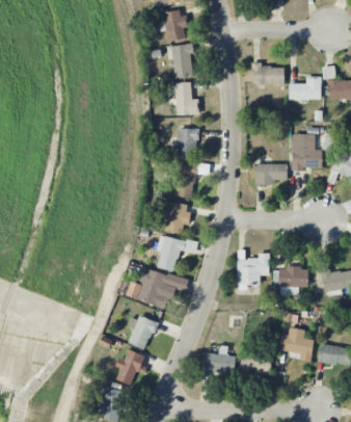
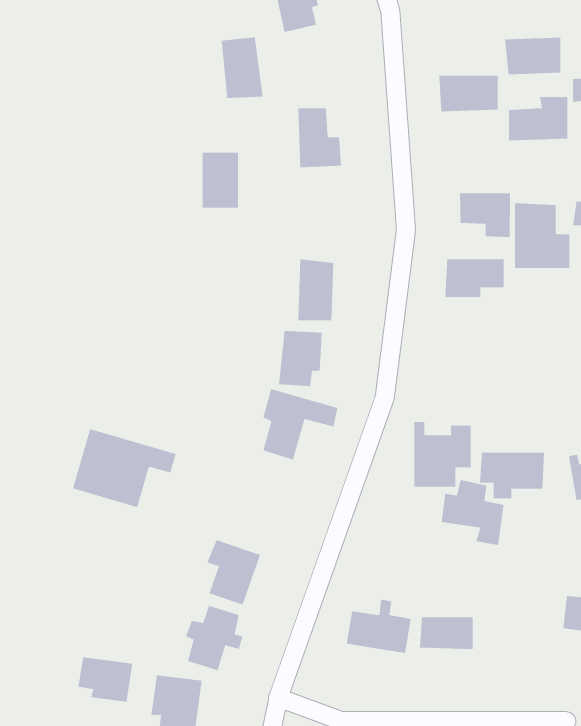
building: [171,45,194,78] -> [221,37,263,99]
building: none -> [504,37,561,75]
building: none -> [459,192,511,238]
building: [178,129,197,159] -> [202,152,239,208]
building: [132,267,188,310] -> [72,429,176,508]
building: [279,327,314,363] -> [441,480,505,545]
building: none -> [78,656,133,703]

